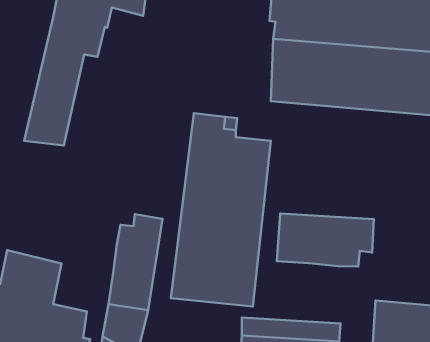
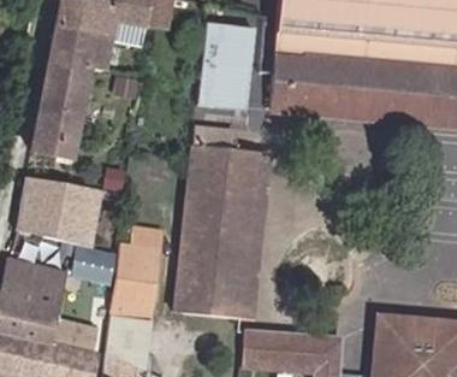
building: none -> [197,20,256,107]
building: none -> [22,181,100,243]
building: [277,213,374,267] -> none
building: none -> [72,247,119,284]

